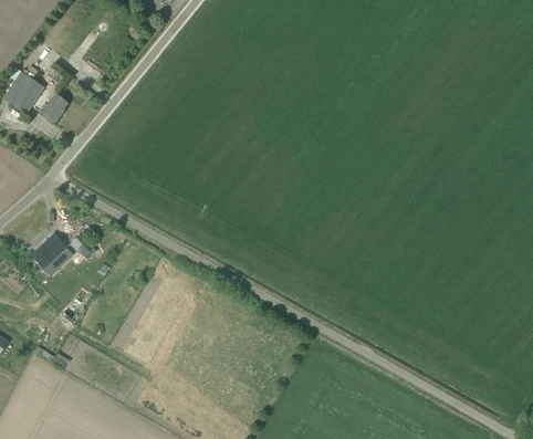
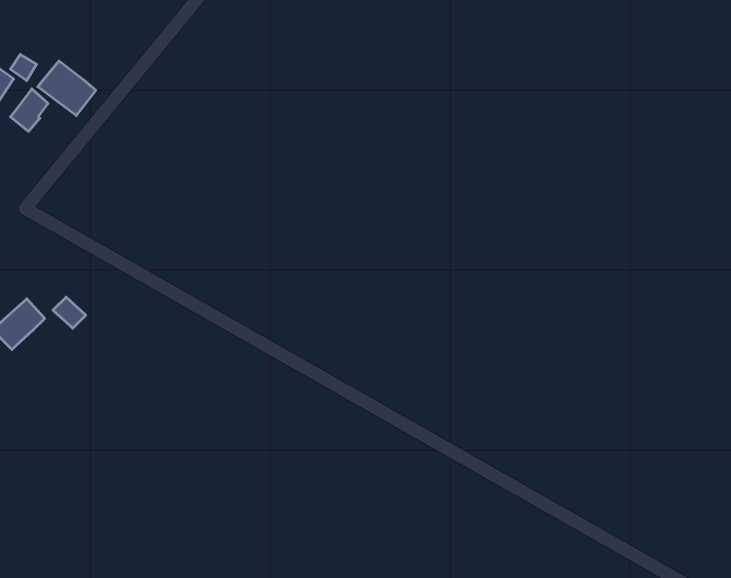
building: none -> [38,61,96,116]

